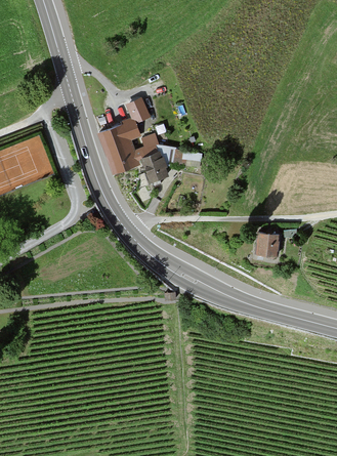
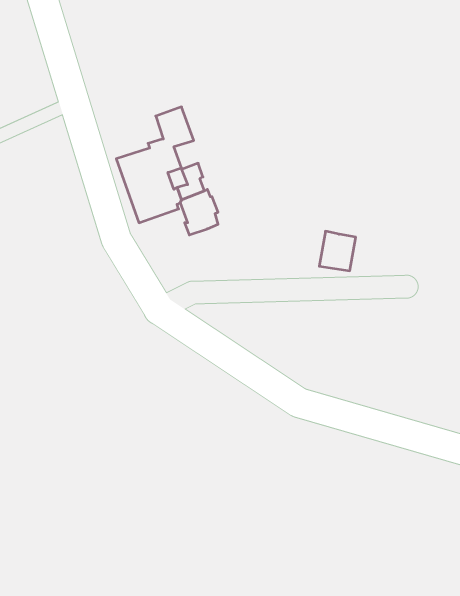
building: [255,231,280,257] -> [319,231,356,271]

